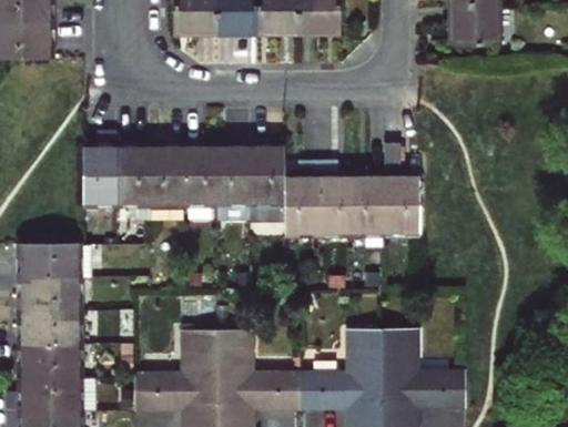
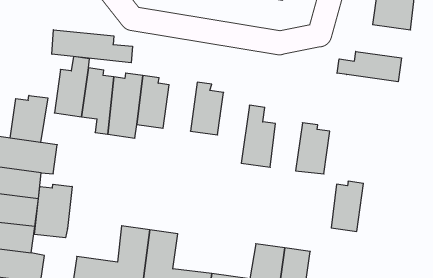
building: none -> [337,51,401,82]
building: none -> [52,30,132,63]
building: [217,144,252,222] -> none
building: [284,163,317,235] -> none
building: [352,175,384,234] -> [331,181,363,231]
building: none -> [10,95,48,142]
building: none -> [35,184,72,238]

